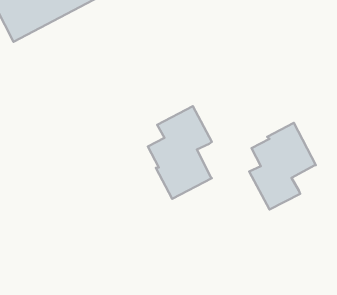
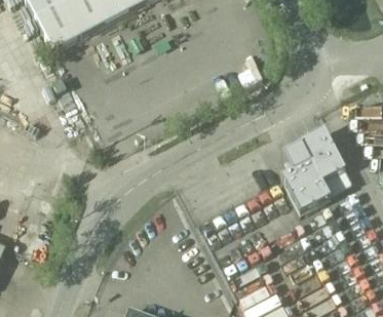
building: [148,106,212,199] -> none

